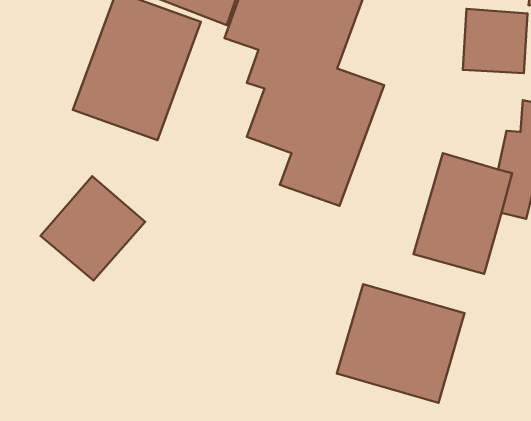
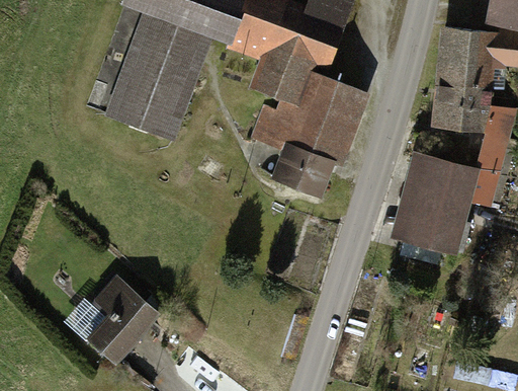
building: none -> [432,80,488,134]
building: [41,176,145,281] -> [76,272,166,363]
building: [337,284,465,403] -> none

